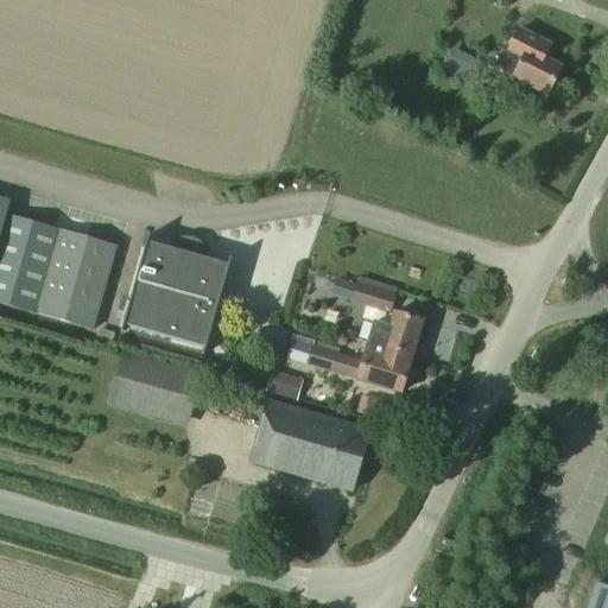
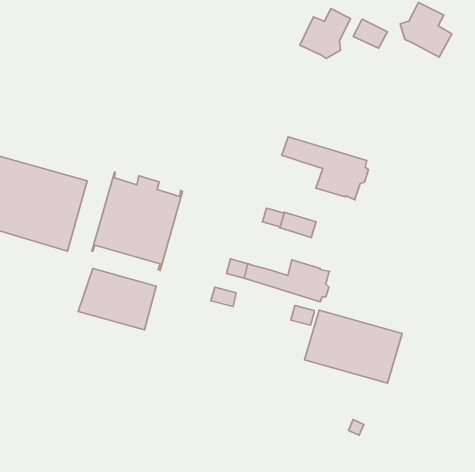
building: none -> [300,8,350,58]
building: none -> [282,137,368,200]
building: [366,310,423,354] -> none
building: [251,399,369,488] -> [305,310,402,383]

